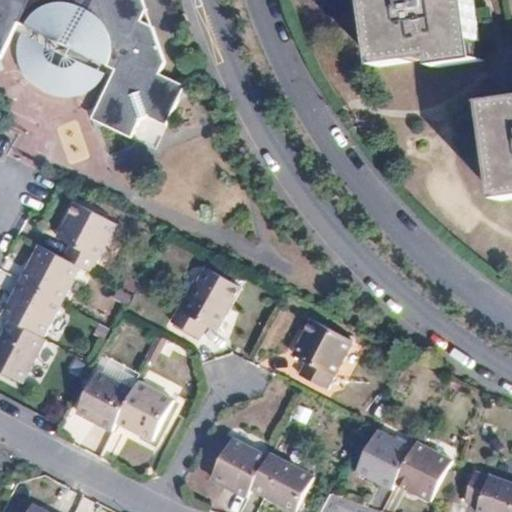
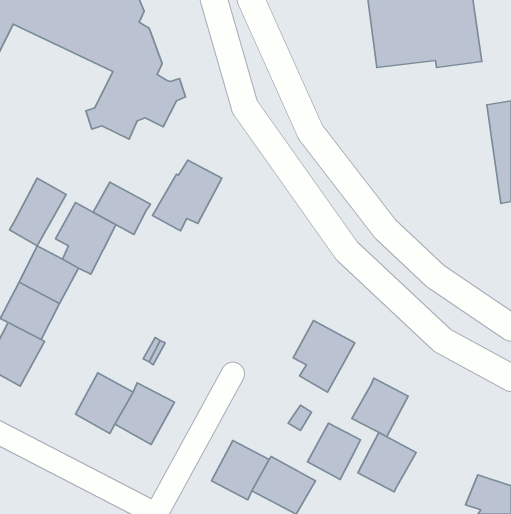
building: [15,34,101,97] -> none
building: none -> [9,178,66,246]
building: none -> [93,182,150,234]
building: [170,267,239,337] -> [152,160,222,231]
building: none -> [307,423,361,479]
building: [394,442,450,500] -> [352,378,408,436]

